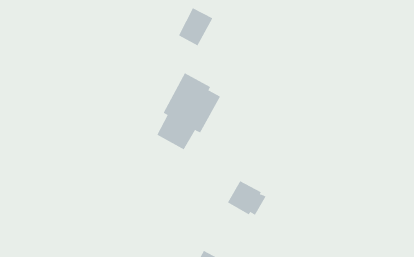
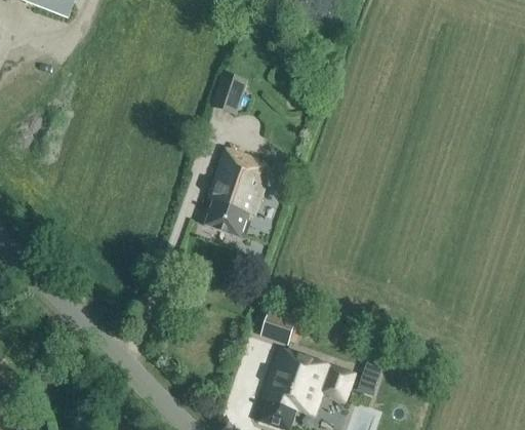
building: [227,181,267,215] -> [260,307,305,345]

